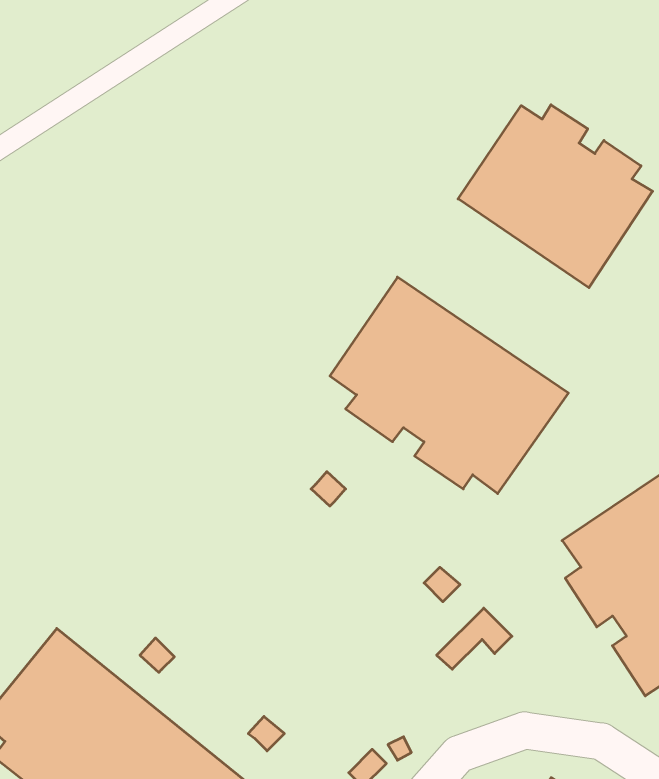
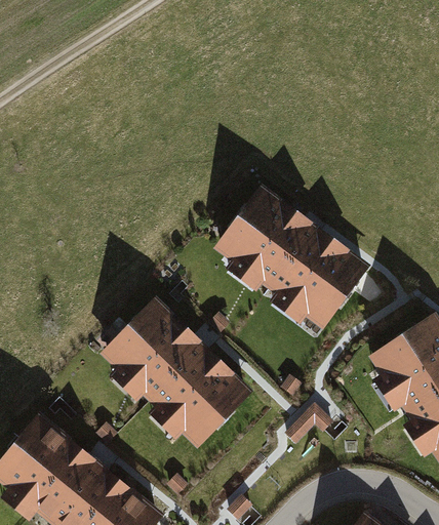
building: [458,105,653,288] -> none
building: none -> [102,296,253,447]

